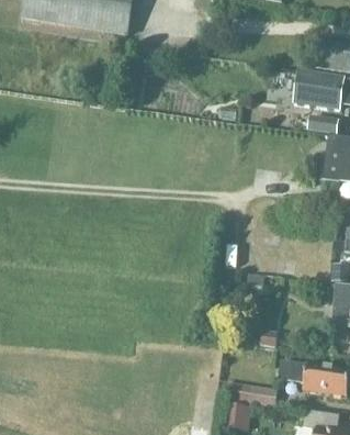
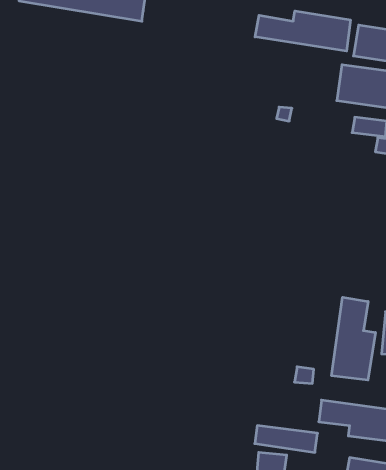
building: none -> [255,11,350,51]
building: none -> [332,297,375,380]

